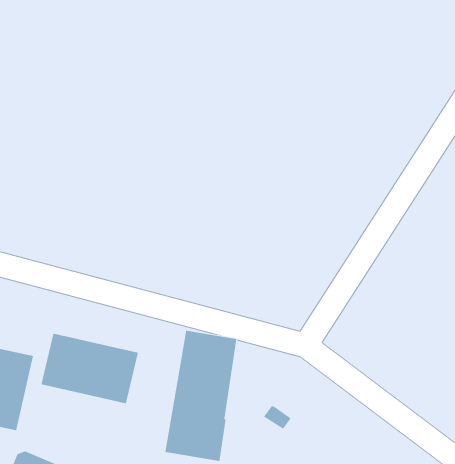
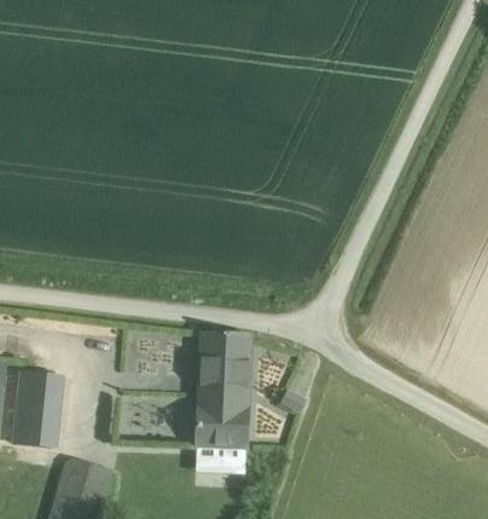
building: [41,333,138,404] -> none

